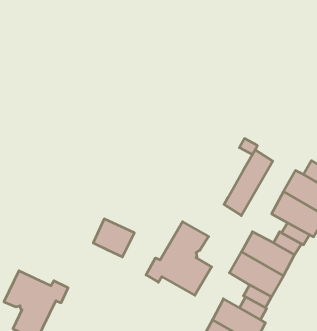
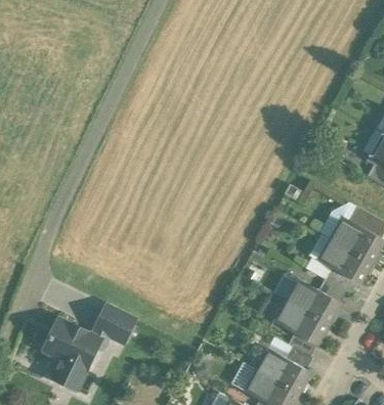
building: [224,150,273,216] -> none
building: [93,219,134,257] -> [93,304,135,343]
building: [146,222,212,295] -> none

